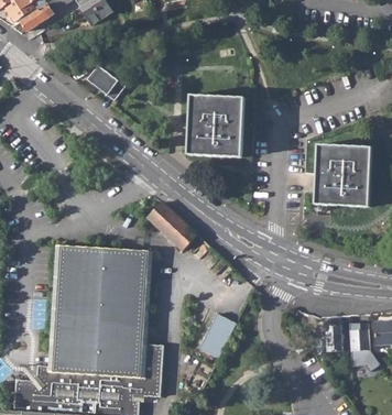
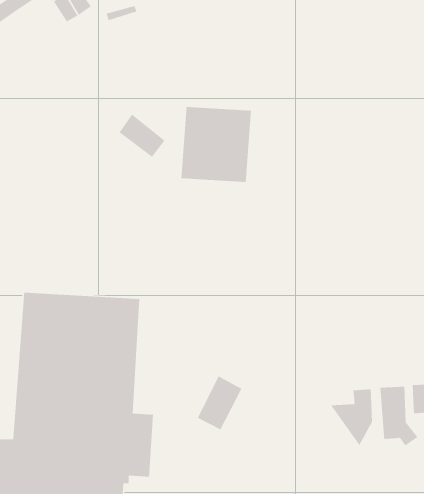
building: [86,67,124,103] -> [119,114,166,158]
building: [313,144,370,204] -> none
building: [148,203,197,251] -> none

